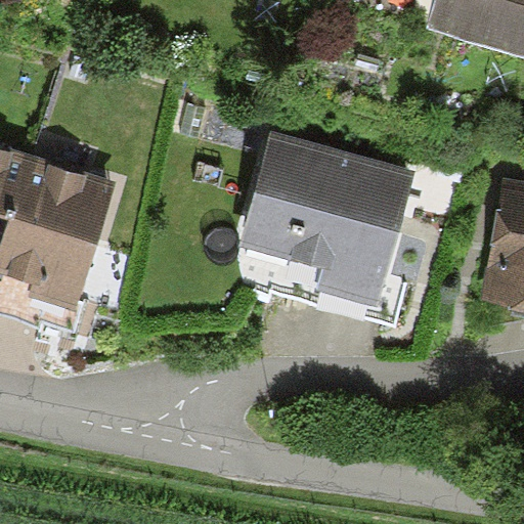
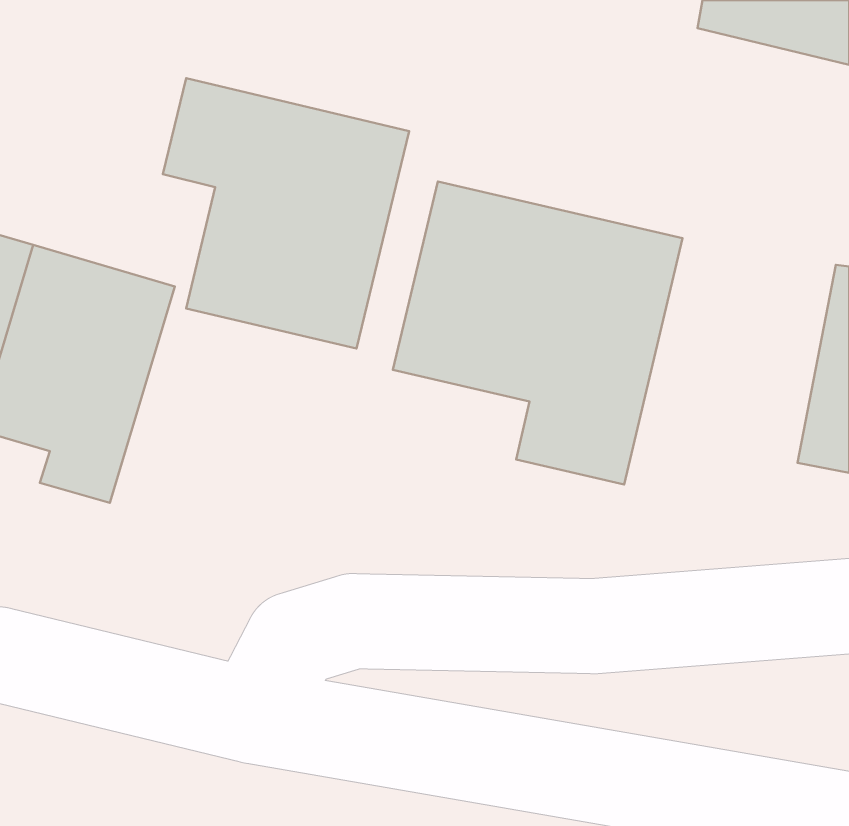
building: none -> [163,78,409,348]

